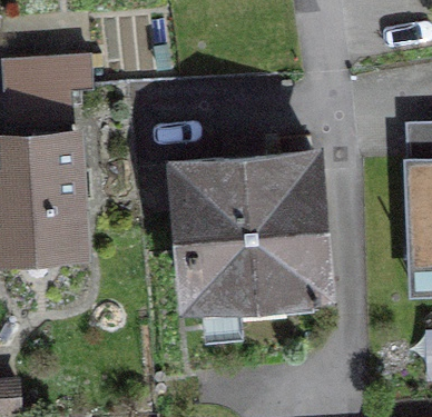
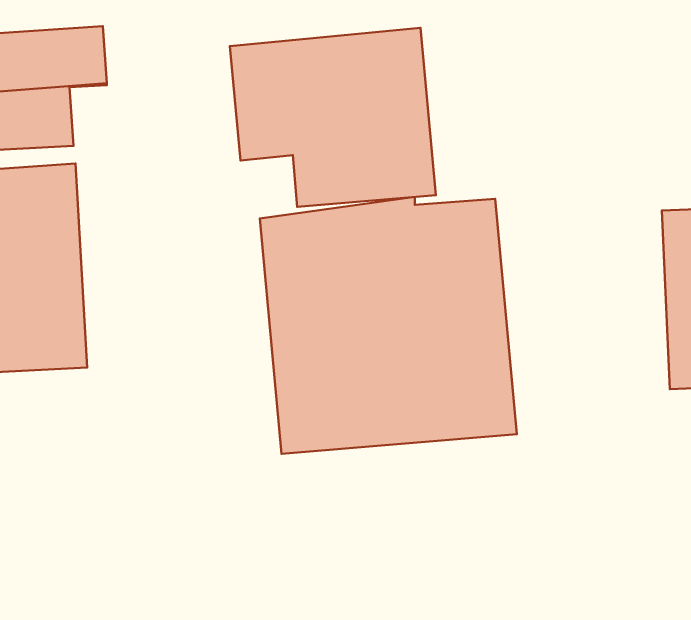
building: none -> [230,28,436,207]

